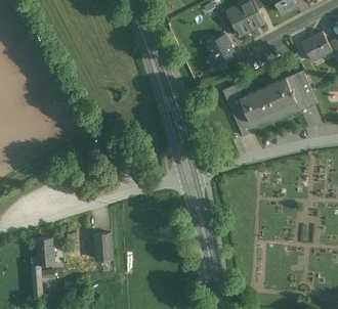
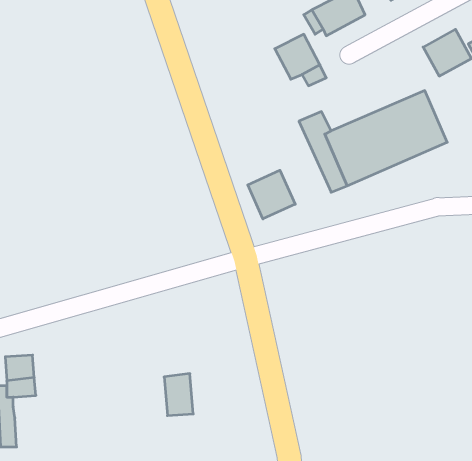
building: none -> [248,170,295,219]
building: [93,232,112,259] -> [164,374,193,416]

